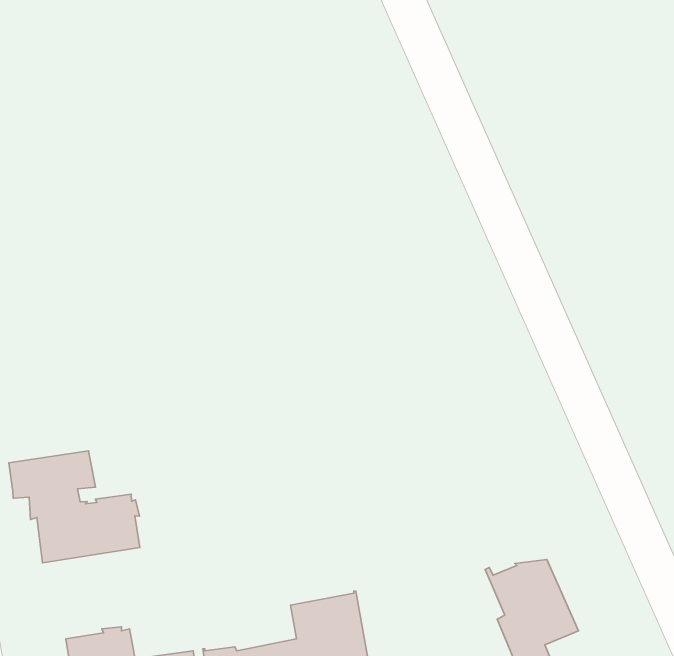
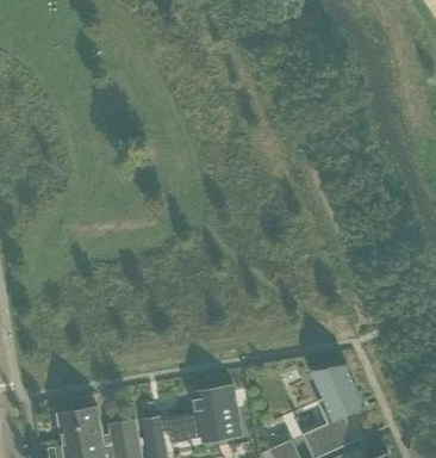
building: [9,451,140,563] -> none

